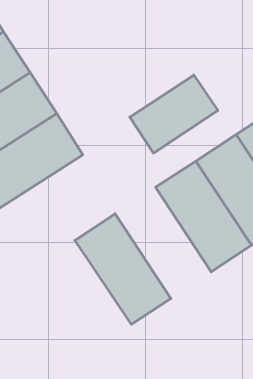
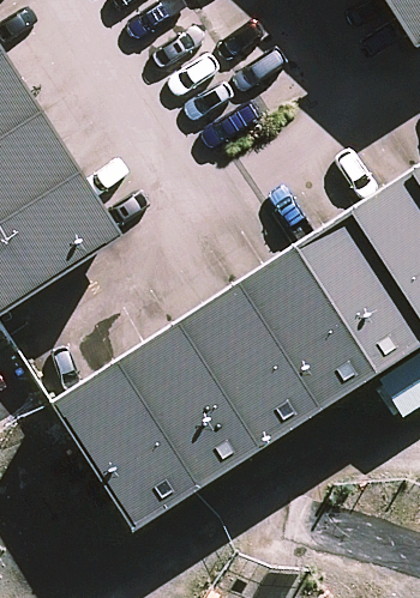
building: [130,75,218,153] -> none
building: none -> [174,285,317,451]
building: none -> [54,364,198,528]

